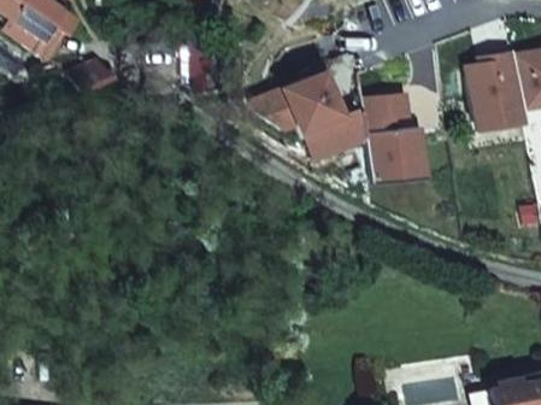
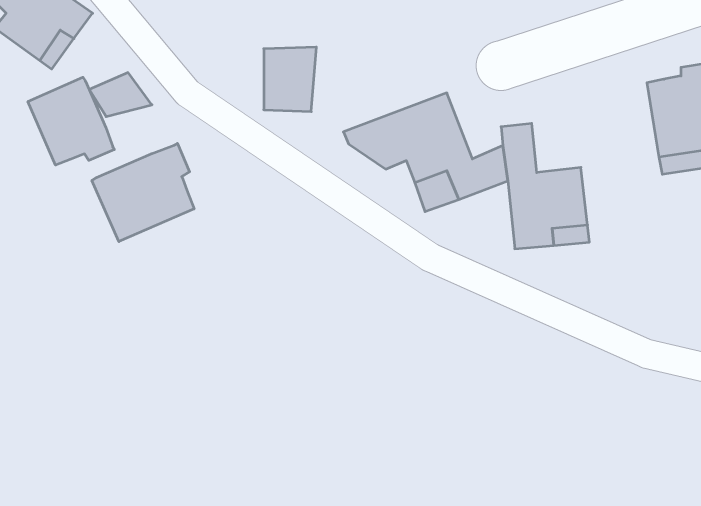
building: none -> [28,77,114,165]
building: none -> [92,143,194,242]

